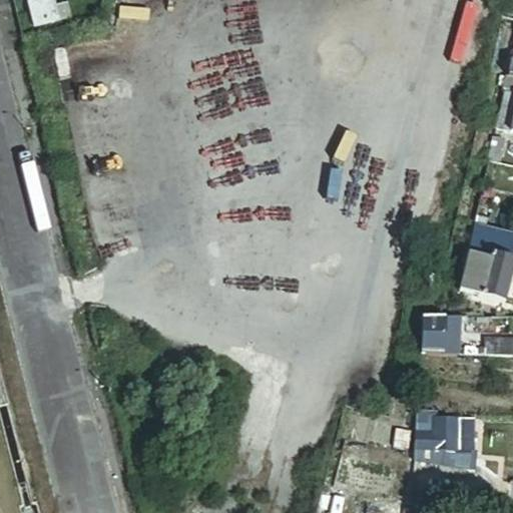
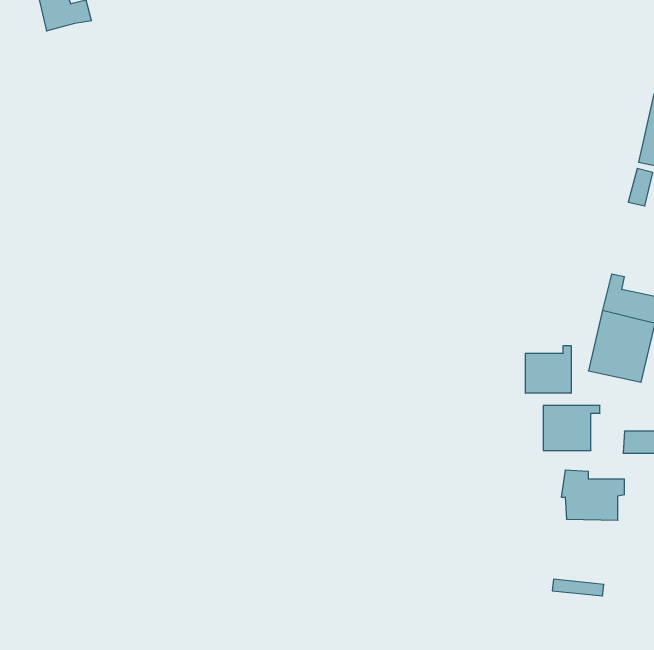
building: none -> [525,346,571,393]
building: [419,410,468,449] -> [561,470,624,520]

